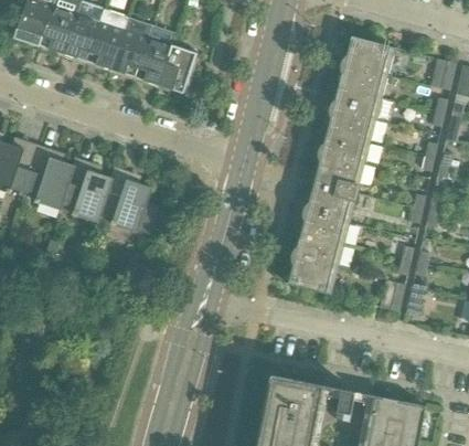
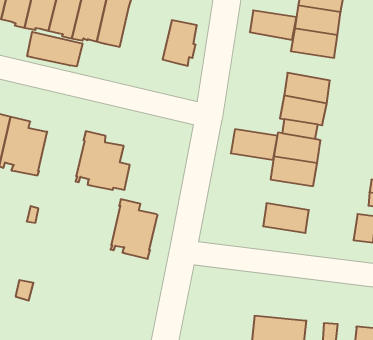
building: [157,45,195,94] -> [163,20,197,66]
building: none -> [27,32,82,66]
building: [327,106,376,140] -> [250,10,297,40]
building: [60,159,111,223] -> [110,199,158,259]
building: [292,236,342,272] -> [231,129,277,160]

